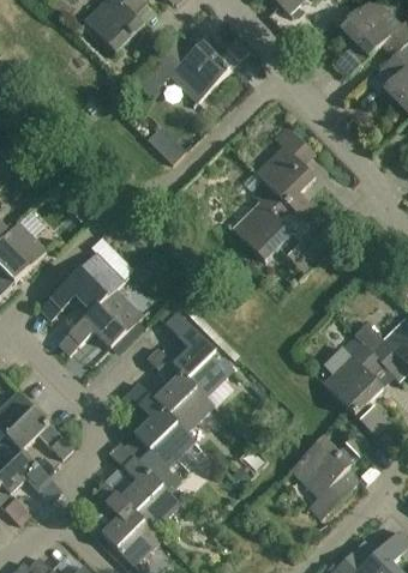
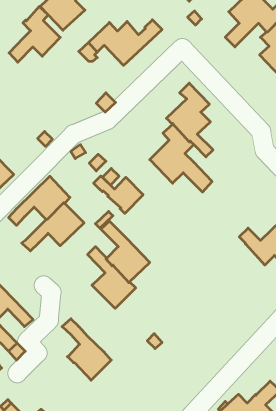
building: none -> [9,6,60,62]
building: none -> [94,176,143,213]
building: [323,334,385,434] -> none
building: [128,382,194,491] -> none
building: [290,435,370,517] -> none
building: [95,481,162,566] -> none

